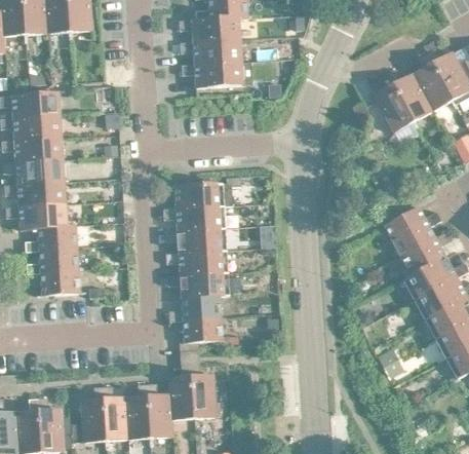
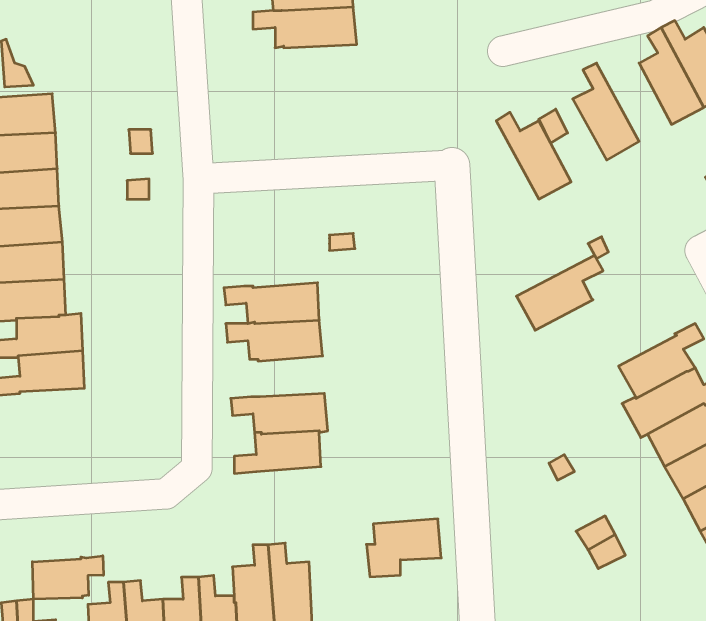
building: [182,63,244,88] -> none
building: [388,69,433,121] -> [496,112,571,199]
building: [174,184,220,210] -> none
building: [390,212,442,257] -> [516,255,603,330]
building: [166,251,224,275] -> none
building: [37,270,81,296] -> none
building: [179,317,224,352] -> [366,519,441,577]
building: none -> [32,556,103,599]

